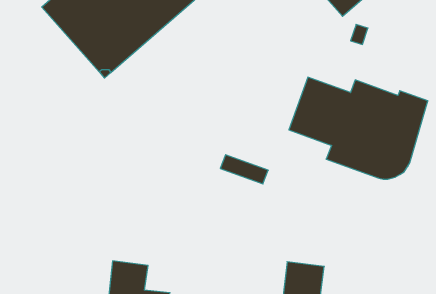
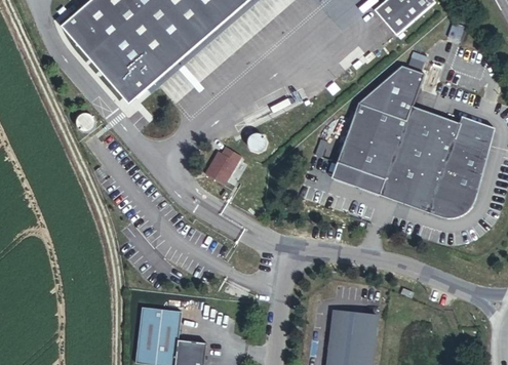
building: none -> [359,65,426,119]
building: none -> [209,149,245,187]
building: [220,155,268,184] -> [331,161,386,194]

